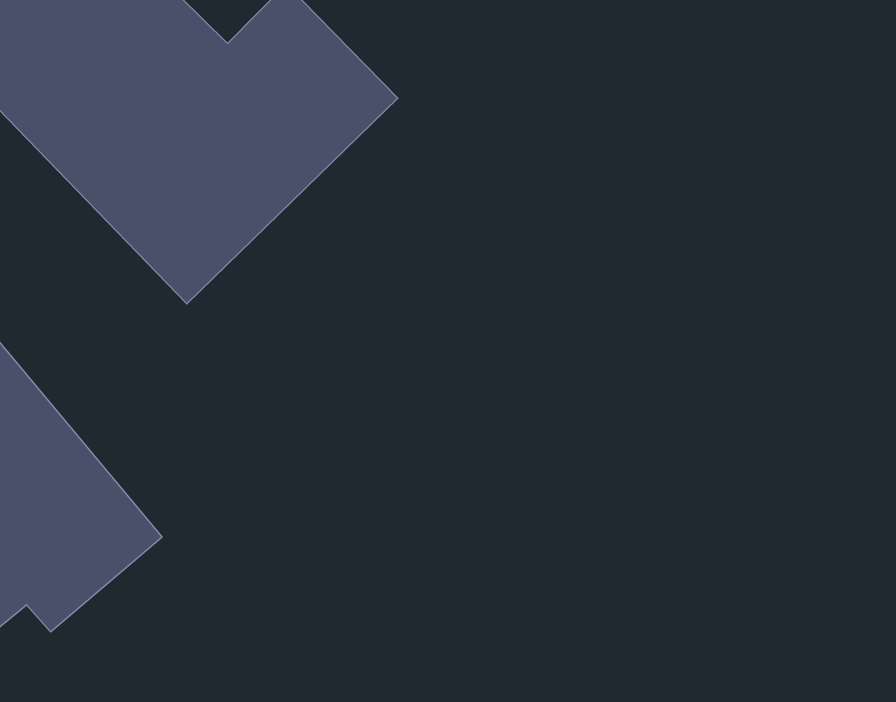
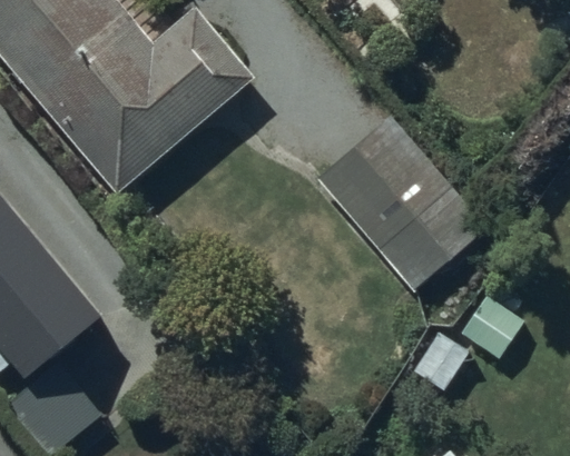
building: none -> [313,125,468,284]

